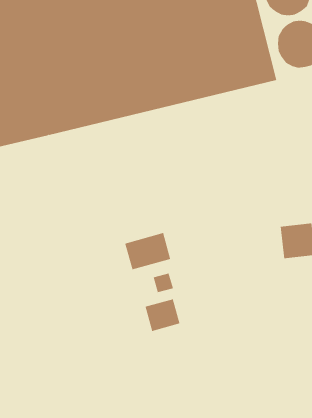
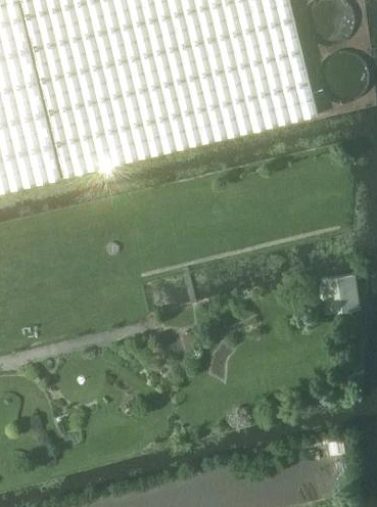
building: [125,232,171,270] -> none
building: [145,298,180,332] -> none

